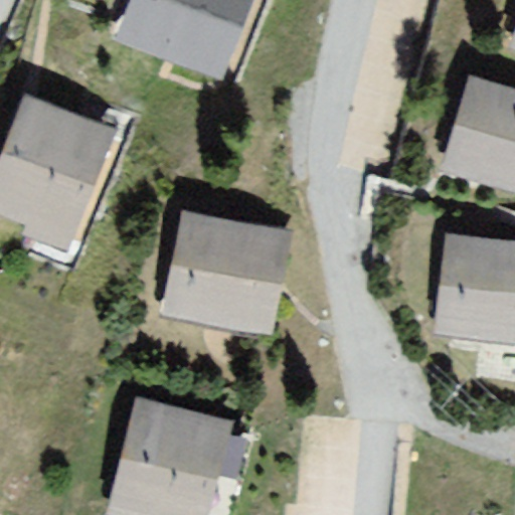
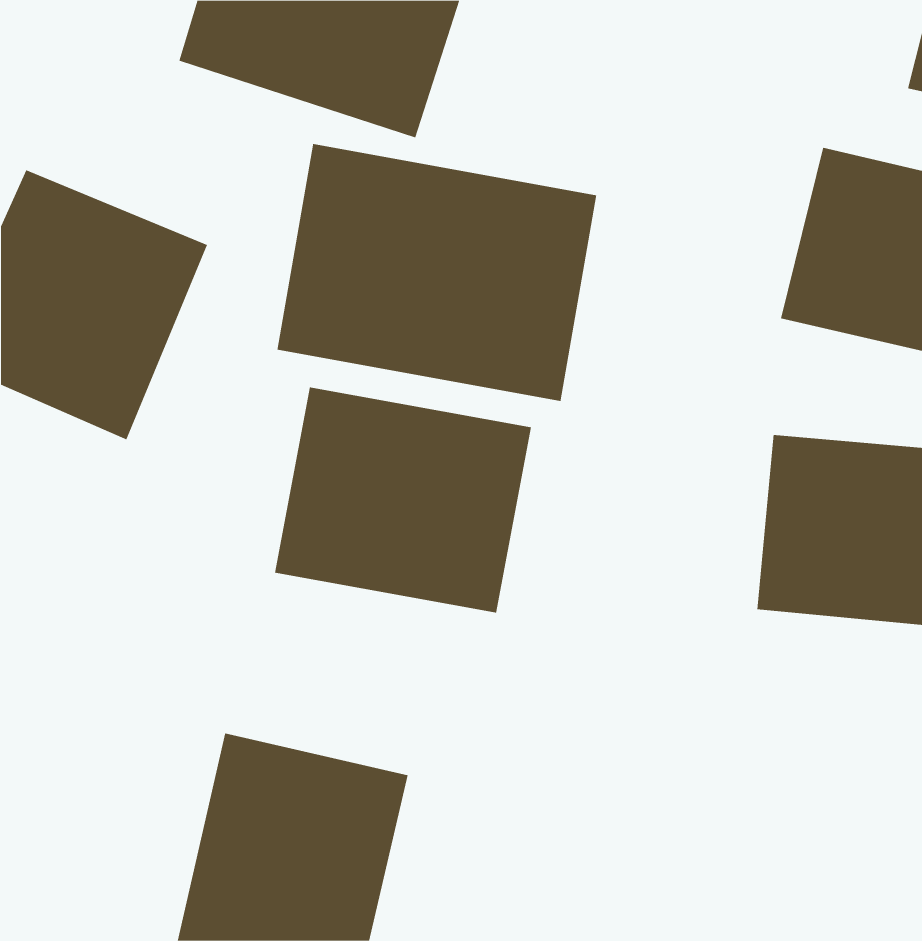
building: none -> [277,143,597,402]

